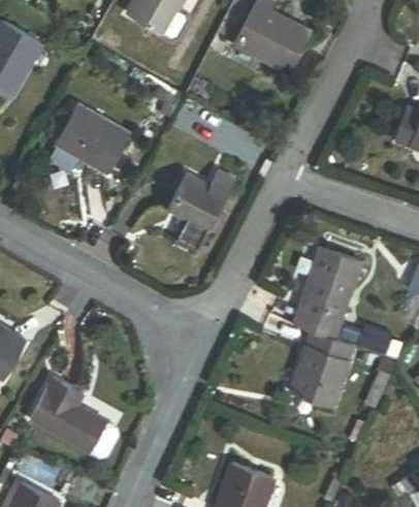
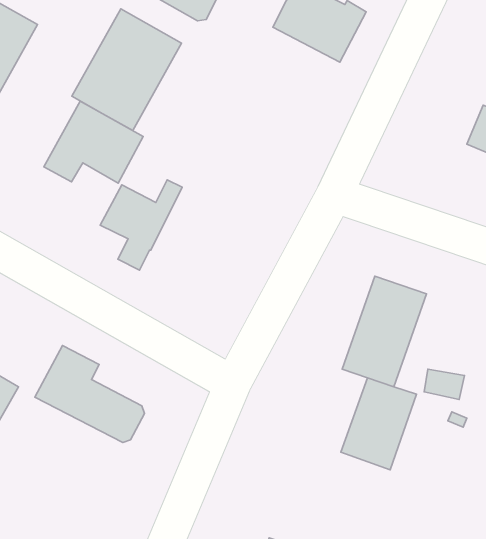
building: none -> [72,9,182,131]
building: [167,171,234,246] -> [100,180,182,270]
building: [29,378,119,457] -> [35,346,144,442]

